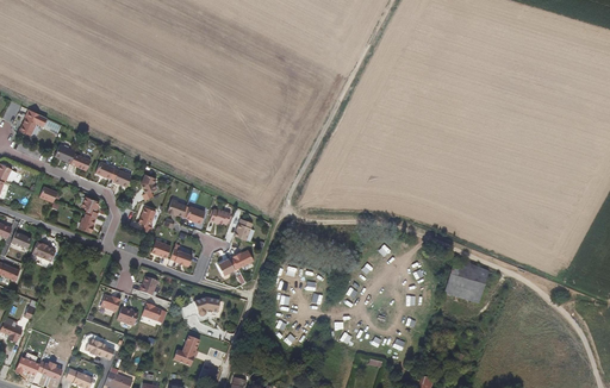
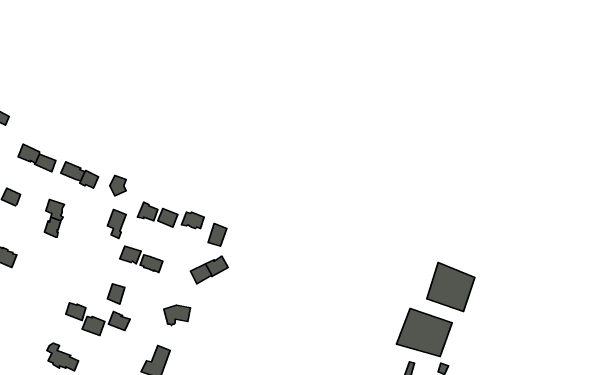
building: none -> [397,308,452,357]

